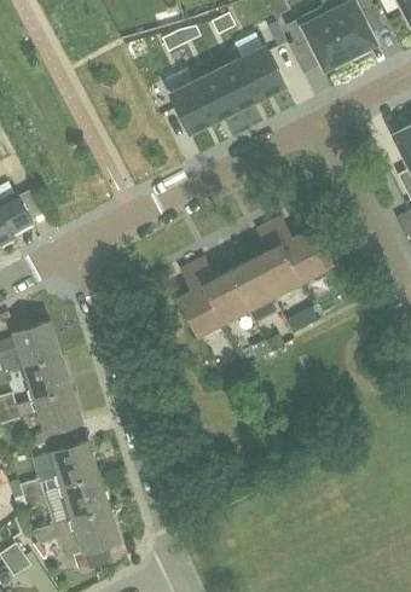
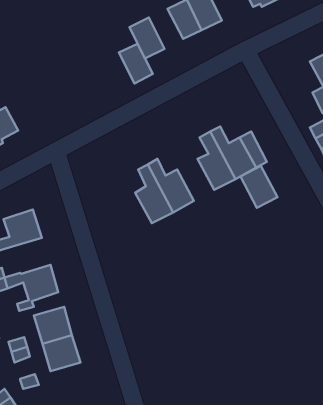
building: [193,71,236,121] -> [119,44,153,84]
building: [228,257,274,309] -> [240,166,277,208]
building: [24,355,71,400] -> none
building: [71,510,118,555] -> none

